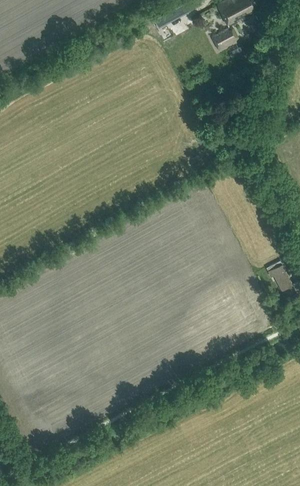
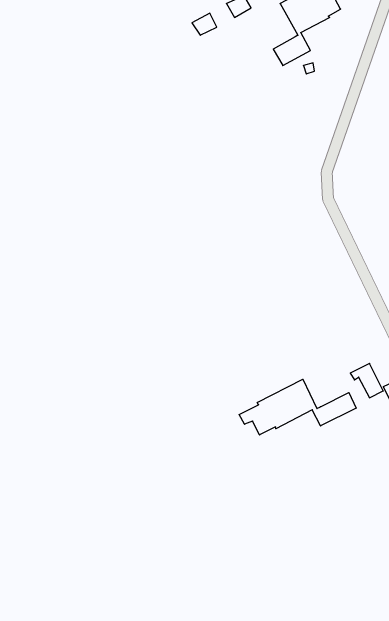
building: none -> [239,379,356,435]

